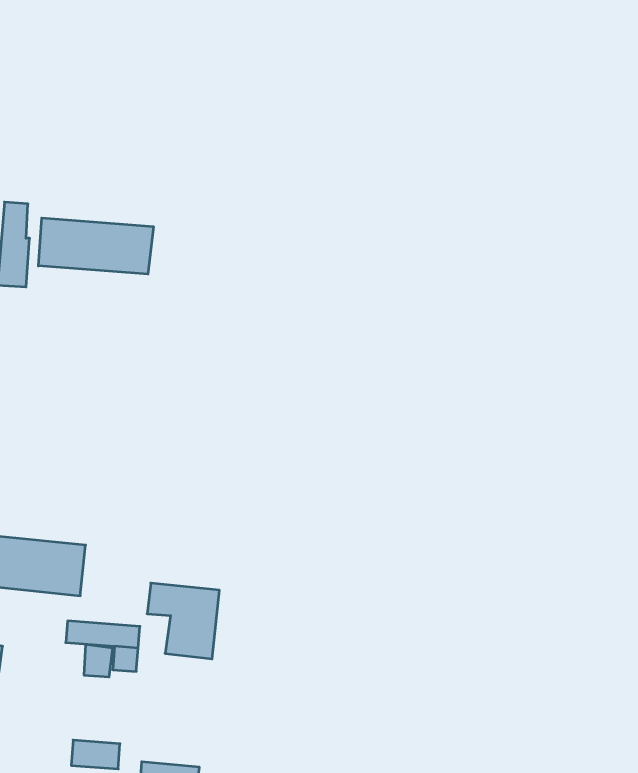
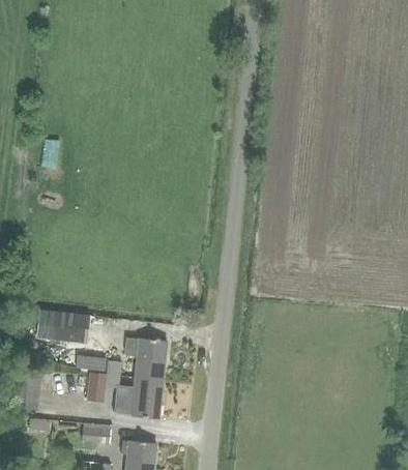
building: [38,218,153,274] -> none
building: none -> [130,377,162,418]

